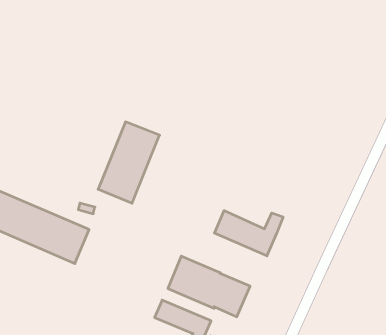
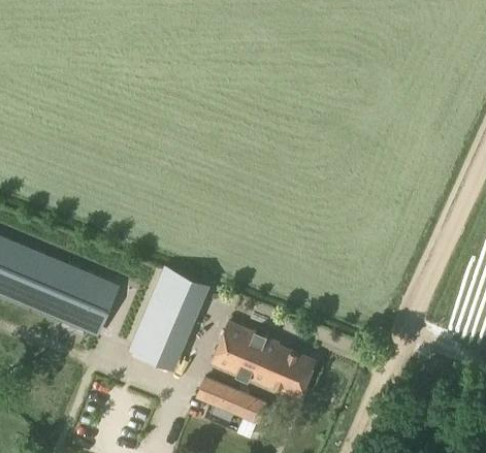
building: [98,122,160,203] -> [130,267,206,368]
building: [214,211,283,256] -> none

